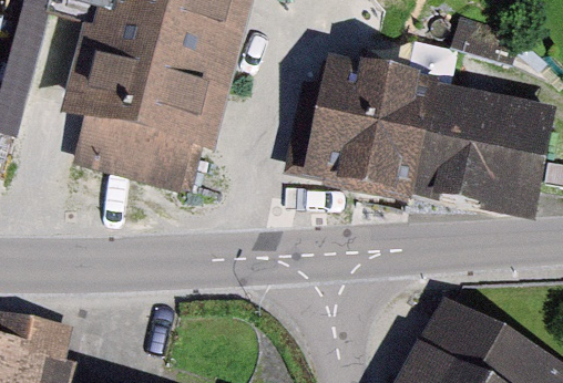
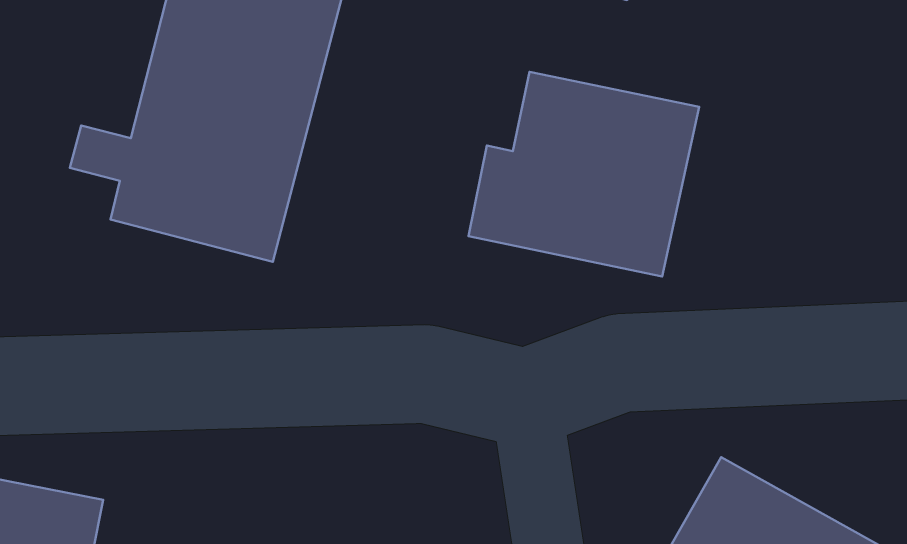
building: [411,87,553,207] -> none

